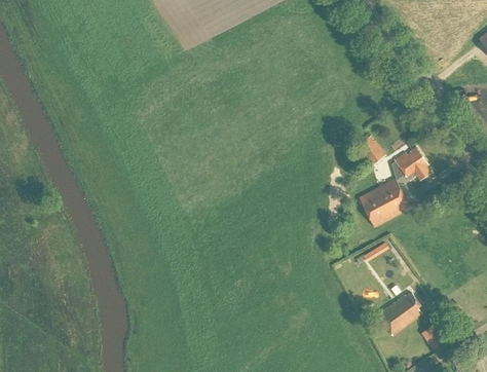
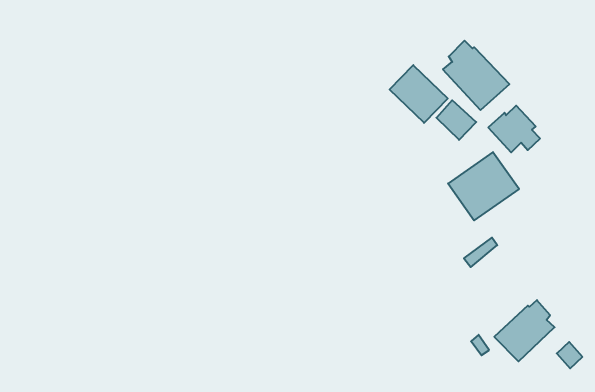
building: none -> [443,41,509,110]
building: none -> [390,65,448,123]

